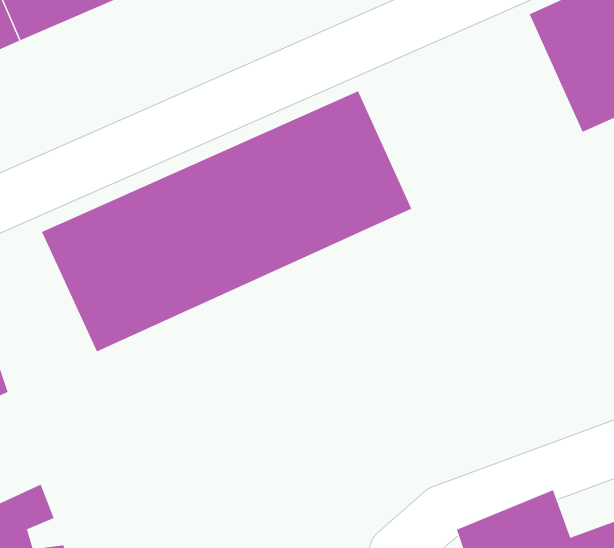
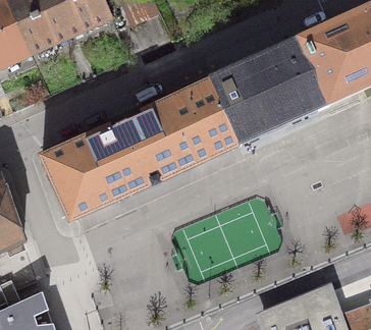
building: none -> [210,39,329,143]

